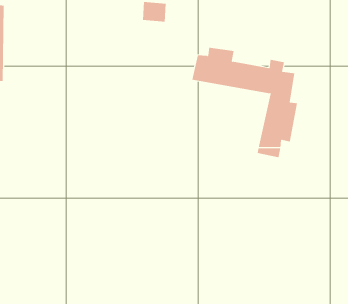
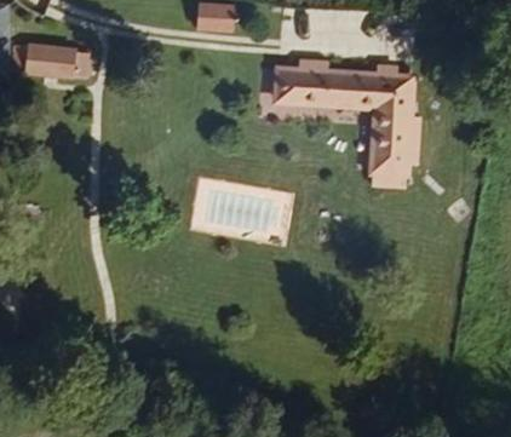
building: none -> [38,44,108,79]

